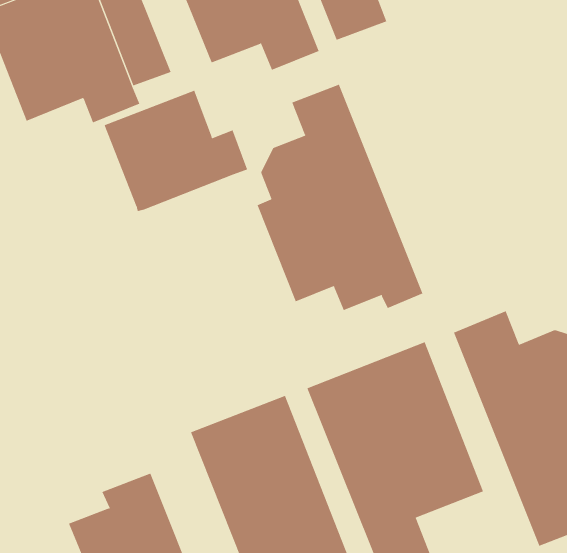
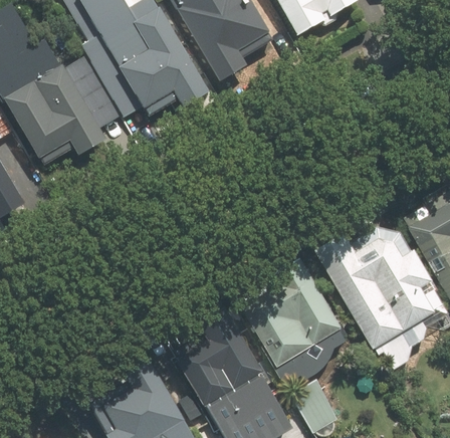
building: [257,84,423,311] -> none
building: [104,90,248,212] -> none

